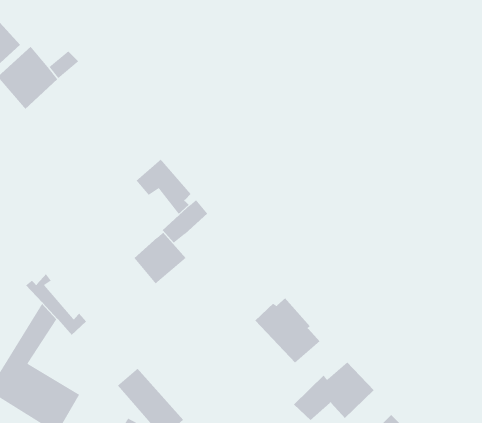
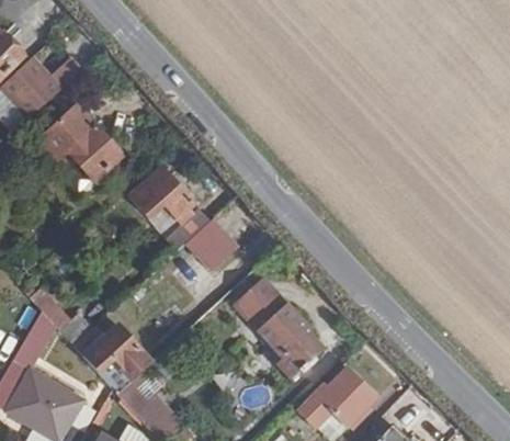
building: none -> [47,104,120,180]
building: [134,232,186,285] -> [185,218,238,271]
building: none -> [236,284,285,330]
building: none -> [83,327,151,395]

